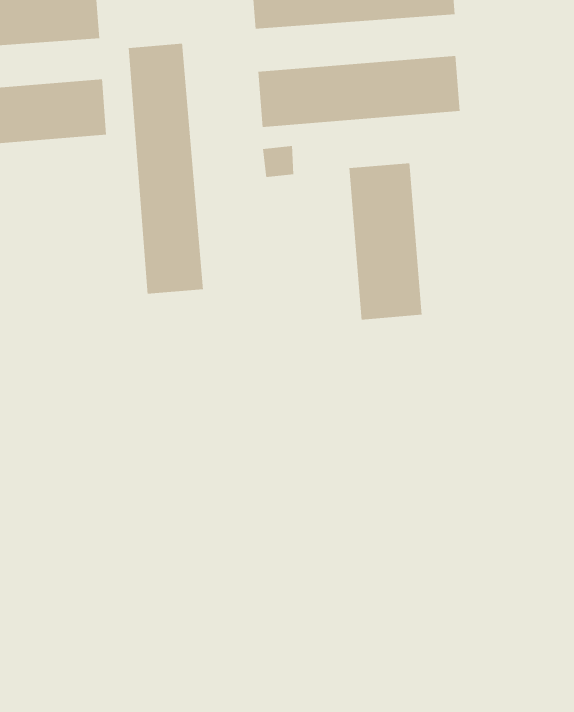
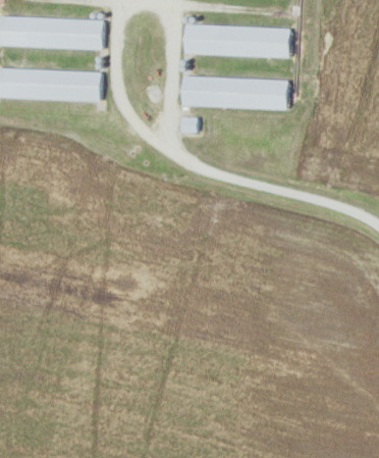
building: [128,43,204,295] -> none
building: [349,162,422,320] -> none

